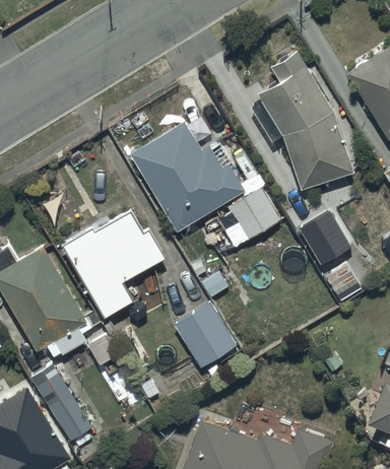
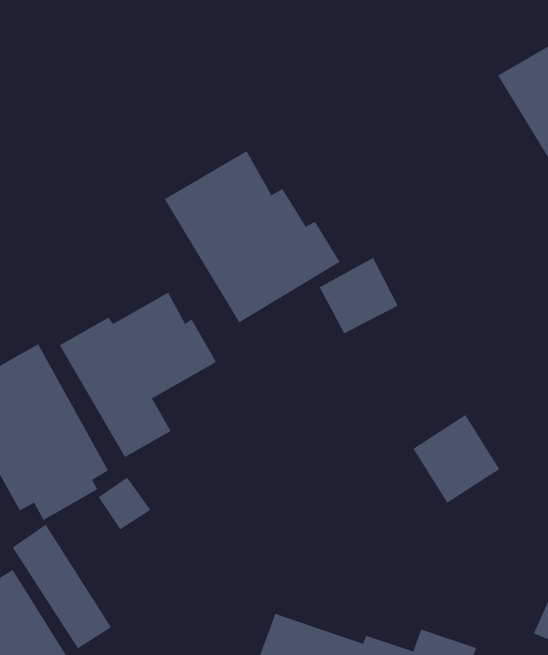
building: [259,49,352,188] -> none
building: [301,213,358,271] -> [412,414,500,504]
building: [174,300,236,364] -> none

